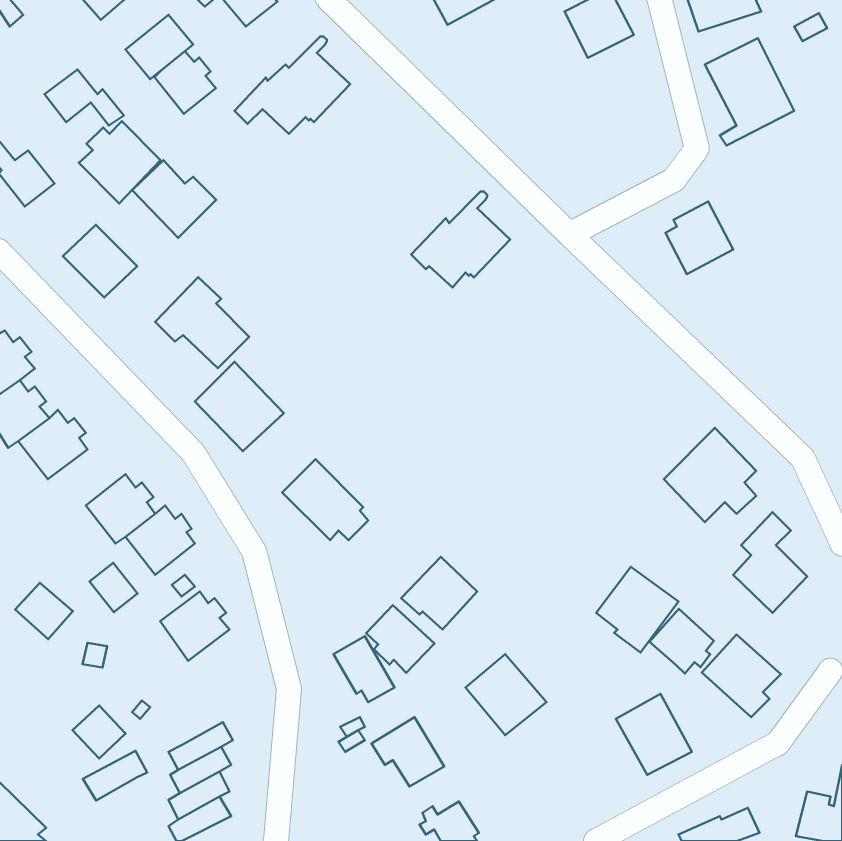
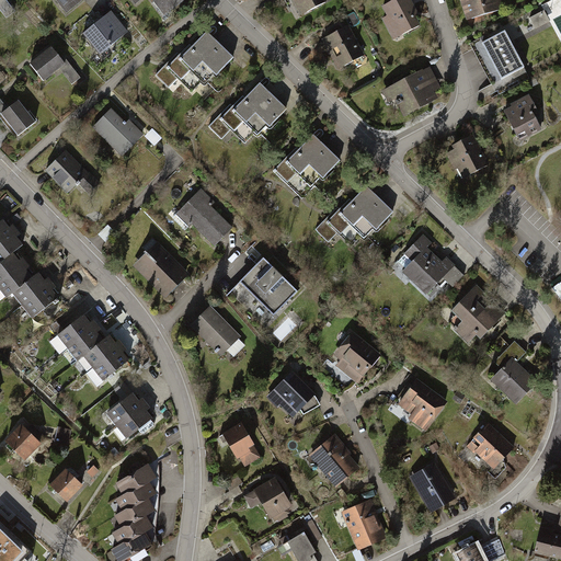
building: none -> [319,25,363,69]
building: [154,51,216,114] -> none
building: none -> [377,65,444,117]
building: none -> [208,76,286,140]
building: [79,121,161,204] -> none
building: none -> [497,94,542,140]
building: none -> [314,179,392,243]
building: [155,277,249,368] -> [170,187,232,248]
building: none -> [388,232,455,299]
building: none -> [245,262,299,317]
building: none -> [331,327,385,383]
building: [90,563,137,612] -> none
building: [15,583,73,639] -> [4,424,43,461]
building: [366,605,434,673] -> none
building: [650,609,714,673] -> none
building: [83,751,147,800] -> [112,461,154,494]
building: none -> [340,499,390,552]

